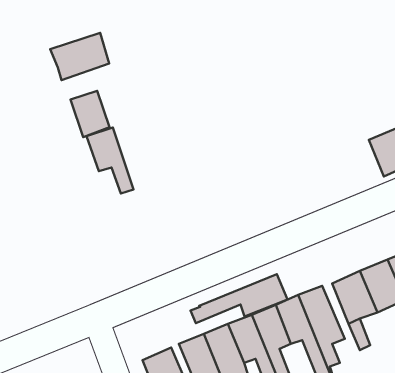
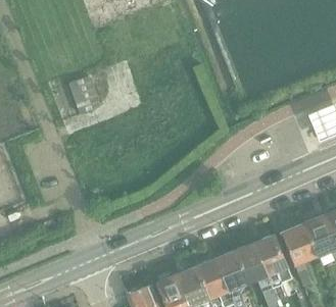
building: [50,33,109,80] -> none
building: [86,128,133,194] -> none
building: [190,274,287,323] -> none

